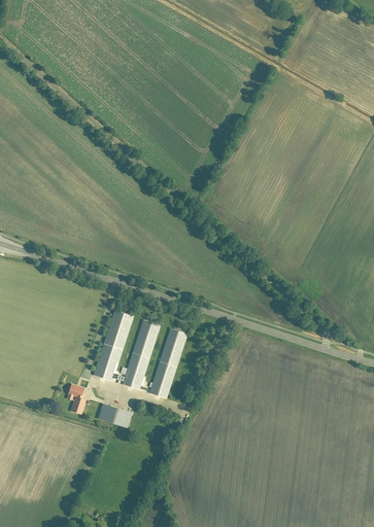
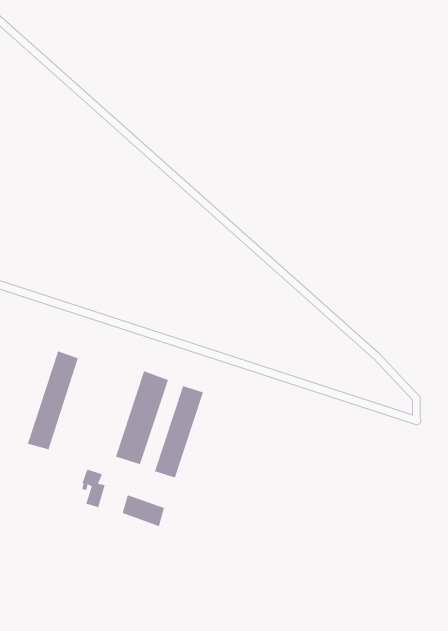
building: none -> [27,351,79,450]
building: [148,327,186,397] -> none

